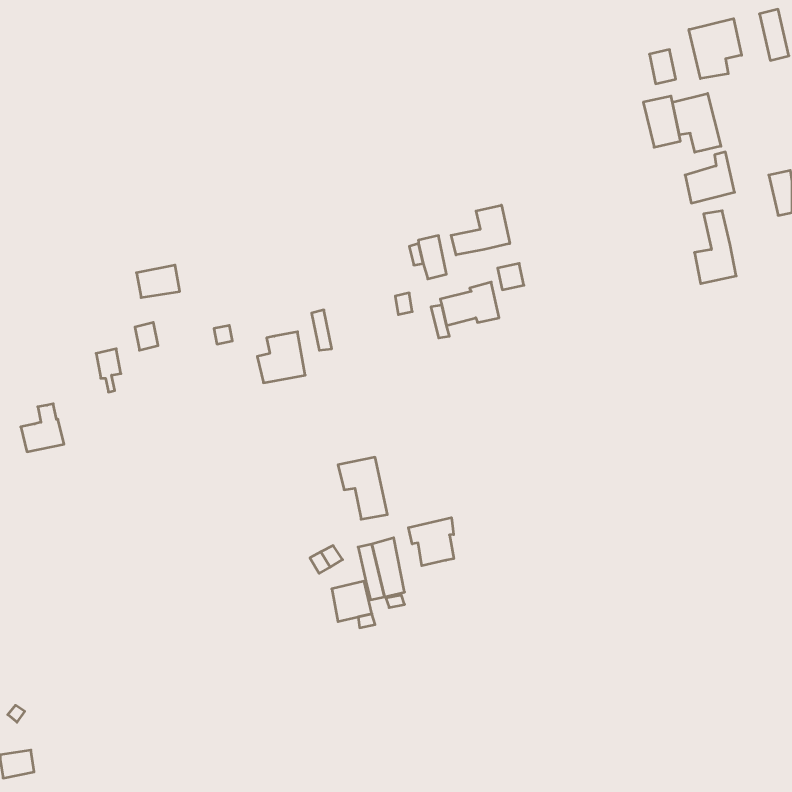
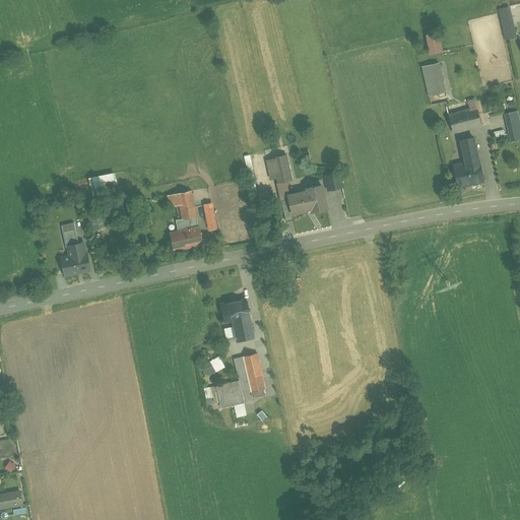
building: [689,19,742,79] -> none
building: [672,93,721,152] -> none
building: [451,205,510,255] -> none
building: none -> [168,192,195,220]
building: [21,404,64,452] -> [62,244,90,275]
building: [408,518,454,566] -> none

